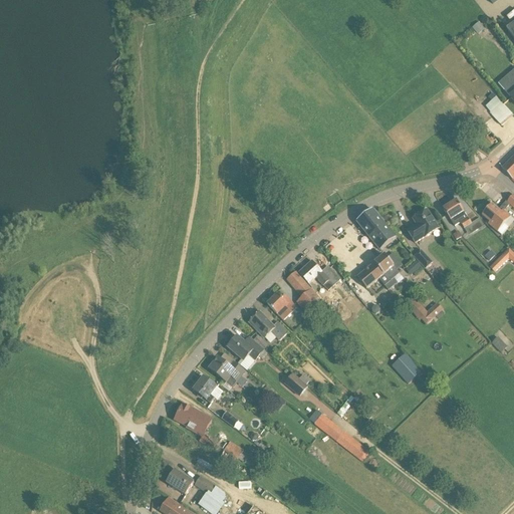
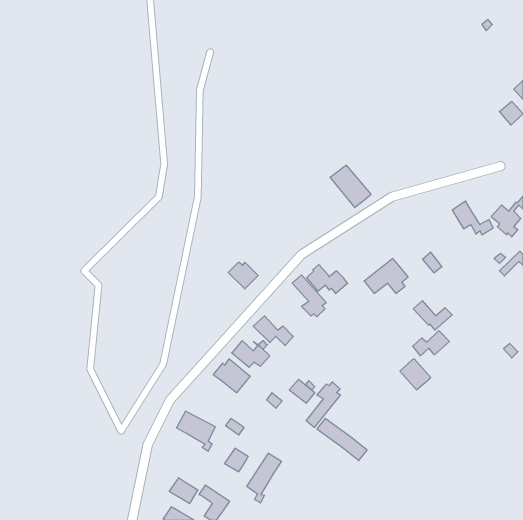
building: [355,207,396,248] -> [330,165,371,207]
building: [407,207,439,241] -> none
building: [267,292,296,318] -> [228,262,258,289]
building: none -> [413,331,449,356]
building: none -> [306,382,340,427]
building: [193,374,222,401] -> none
building: none -> [247,453,281,503]

